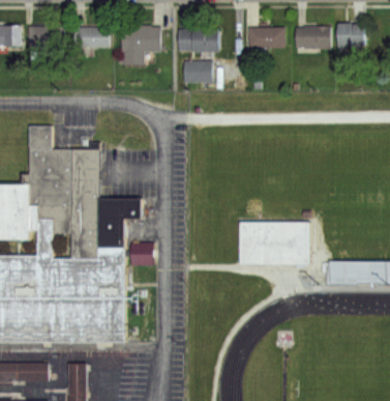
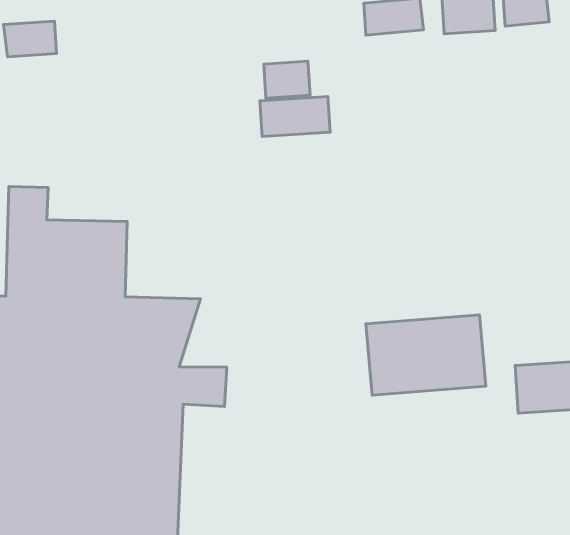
building: [77,27,110,47] -> none
building: [123,27,162,65] -> none
building: [181,30,222,52] -> [260,97,330,137]

